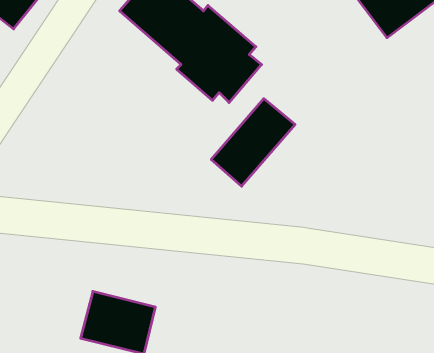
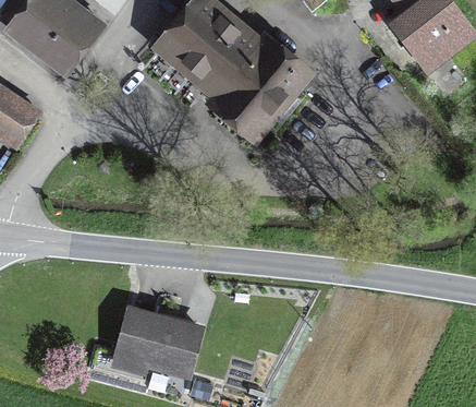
building: [211,99,295,186] -> none

